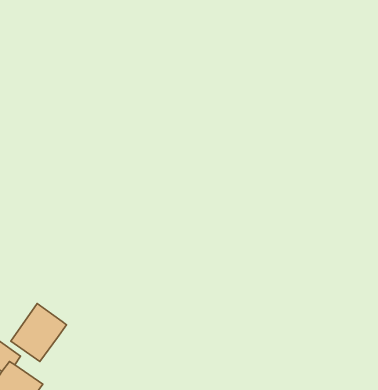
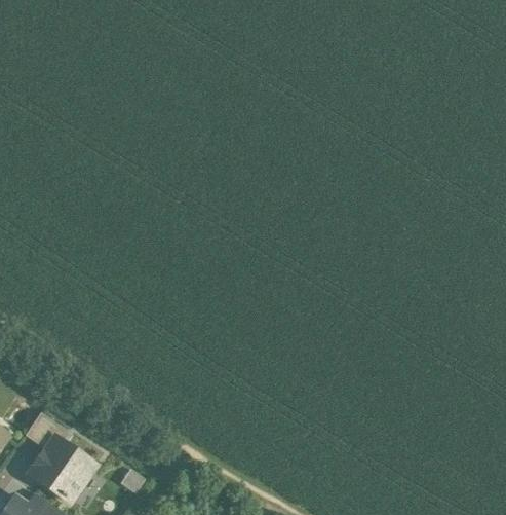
building: [11,303,66,362] -> none

